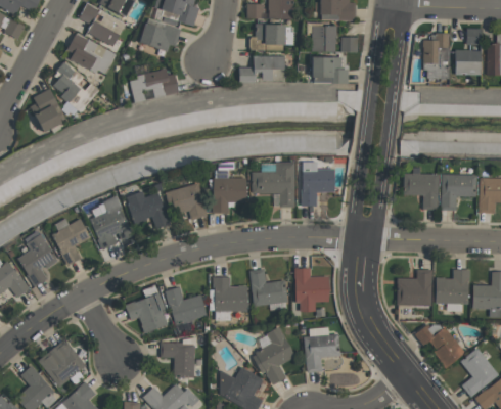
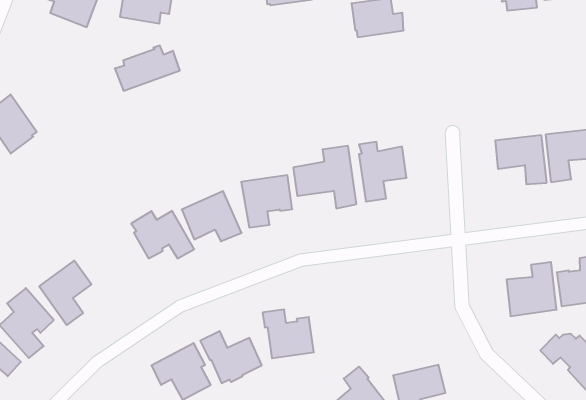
building: [67,32,117,74] -> none
building: [239,55,285,81] -> none
building: [53,61,99,111] -> none
building: [89,194,133,248] -> none
building: [295,267,329,311] -> none
building: [249,268,288,305] -> none

